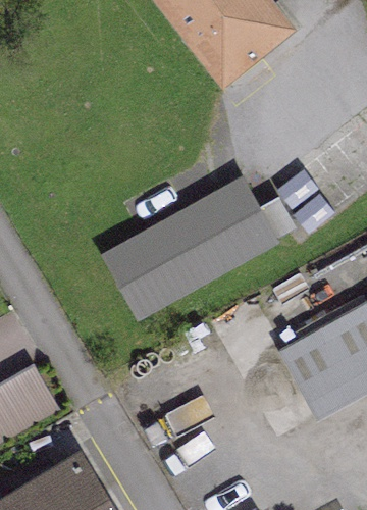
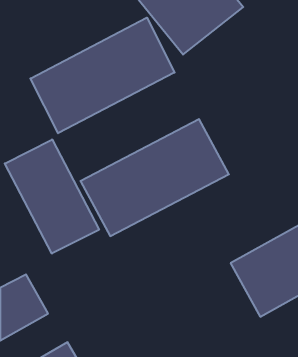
building: none -> [30,18,175,133]
building: none -> [5,139,99,254]

